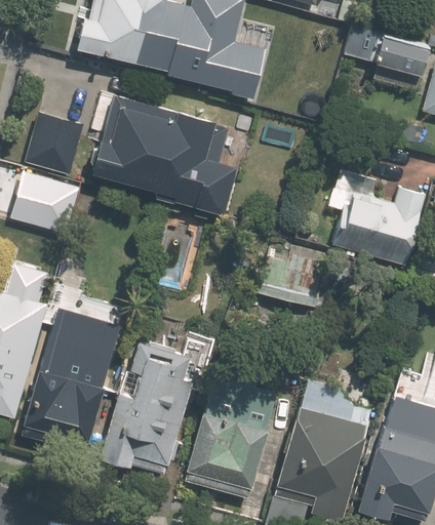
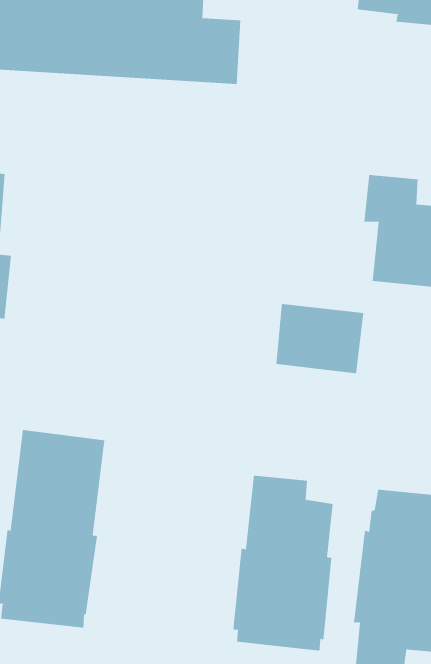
building: [89,93,239,209] -> none
building: [100,345,189,476] -> none

